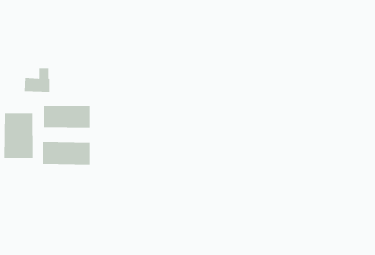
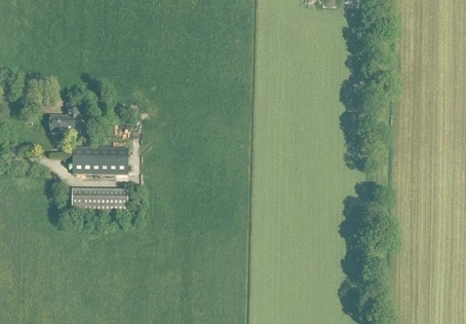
building: [4,112,33,159] -> none

